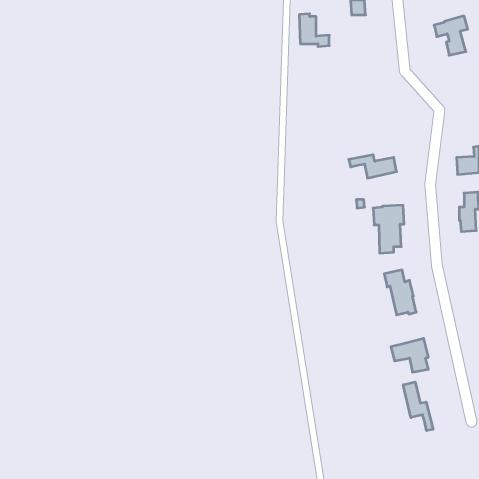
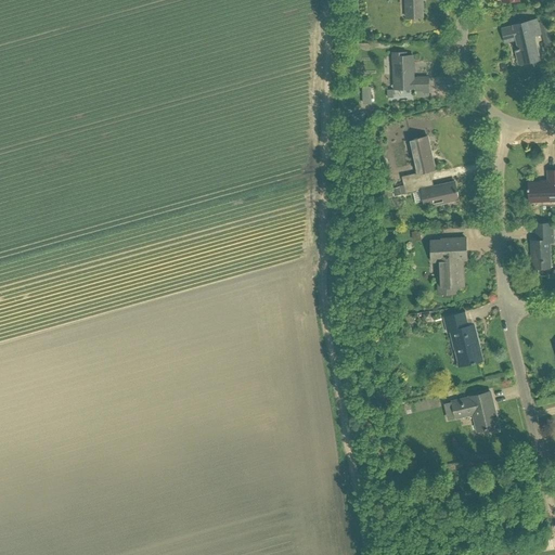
building: [299,14,329,47] -> [393,52,428,90]
building: none -> [402,135,435,184]
building: [403,382,433,431] -> none

